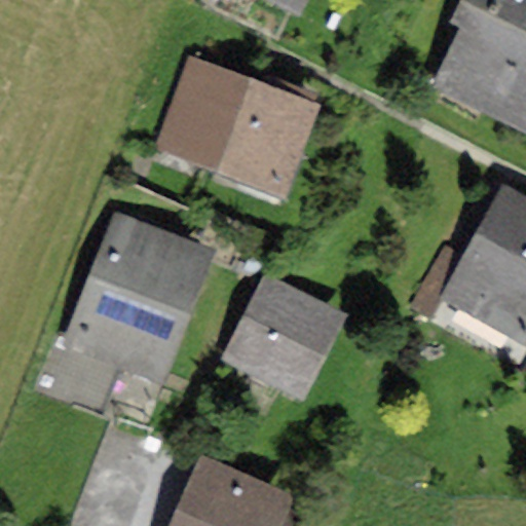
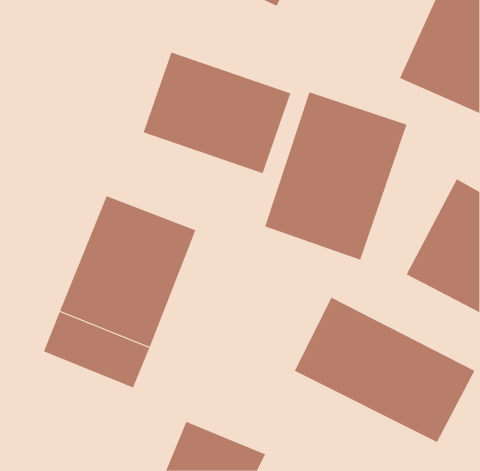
building: none -> [264,91,407,261]
building: [227,275,346,400] -> none
building: none -> [294,297,475,443]

